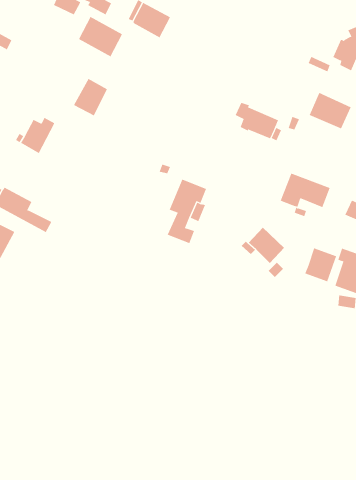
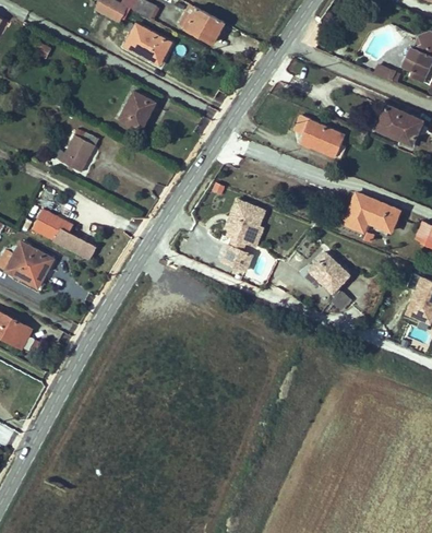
building: [304,247,337,282] -> none

